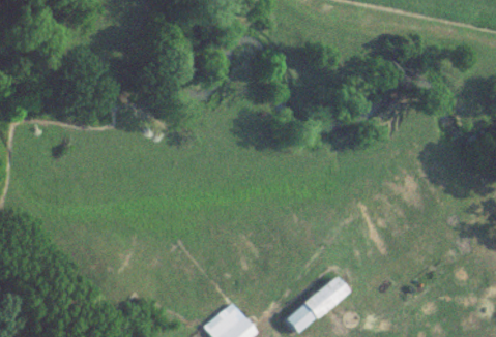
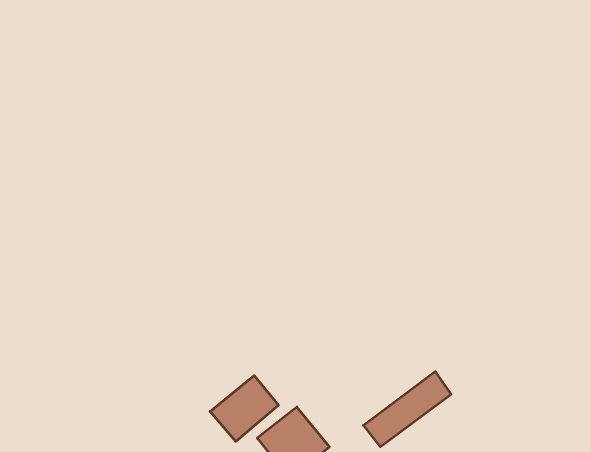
building: none -> [210,376,278,441]

